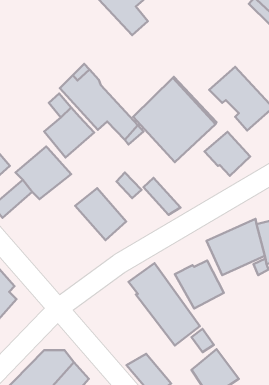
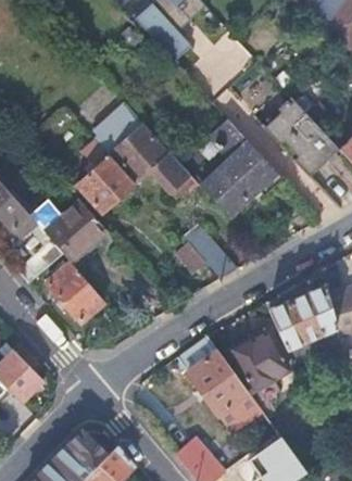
building: [204,132,250,176] -> none
building: [75,188,126,240] -> [46,262,105,322]

